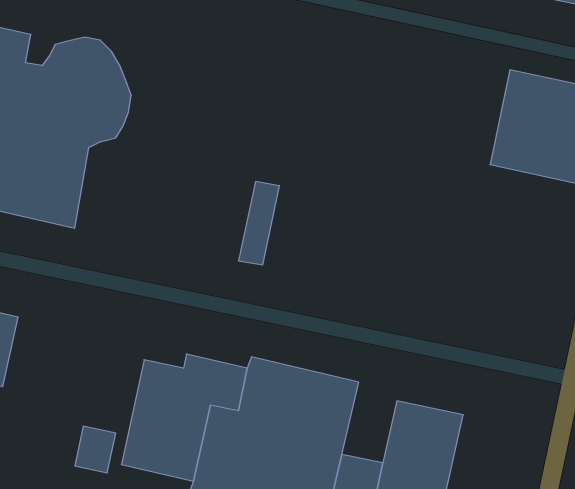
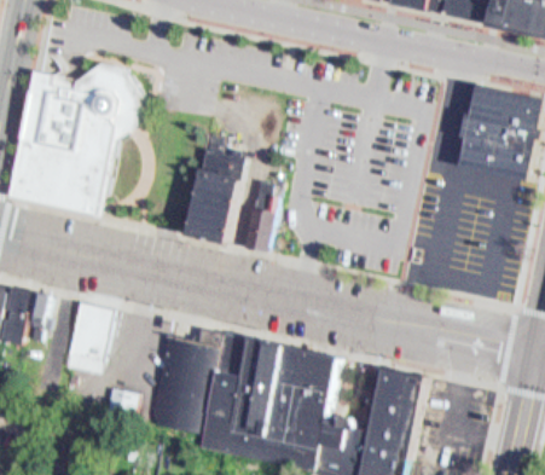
building: none -> [185,147,253,243]
building: none -> [60,303,114,377]

